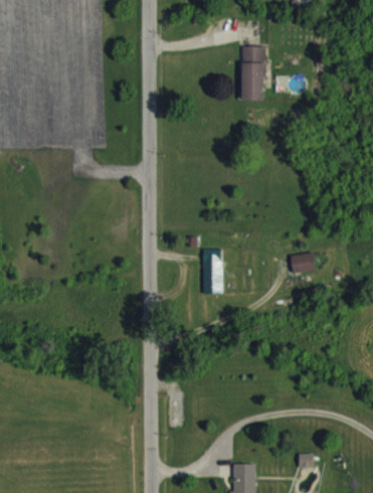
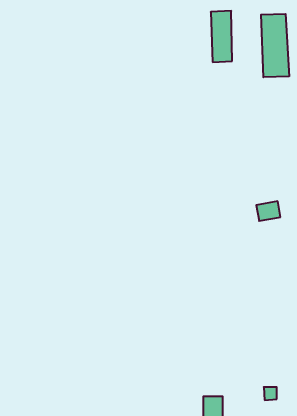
building: none -> [261,14,289,77]
building: [203,249,222,294] -> none

